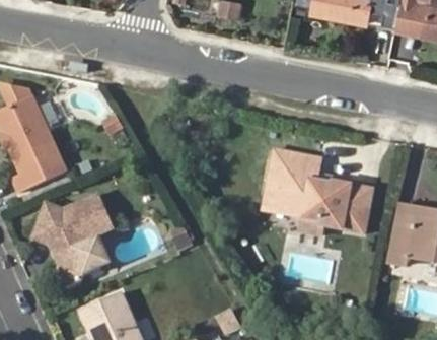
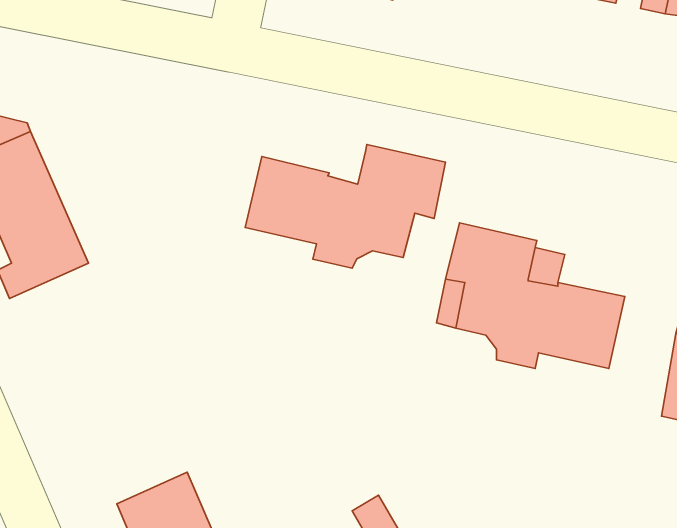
building: none -> [245,144,446,268]
building: [28,194,112,288] -> none

